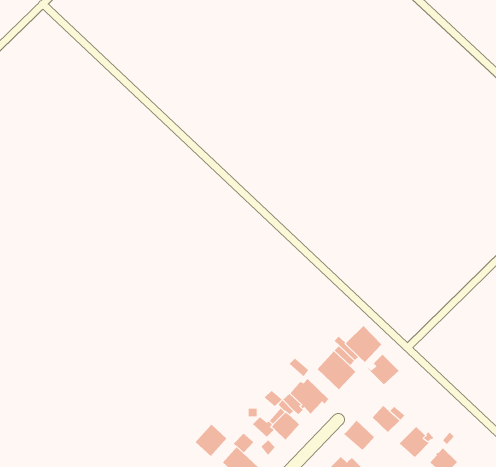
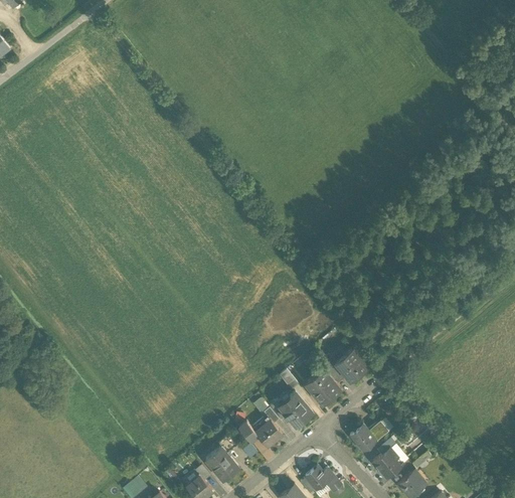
building: [367,354,400,385] -> none
building: [343,420,375,451] -> none
building: [195,424,227,457] -> none

